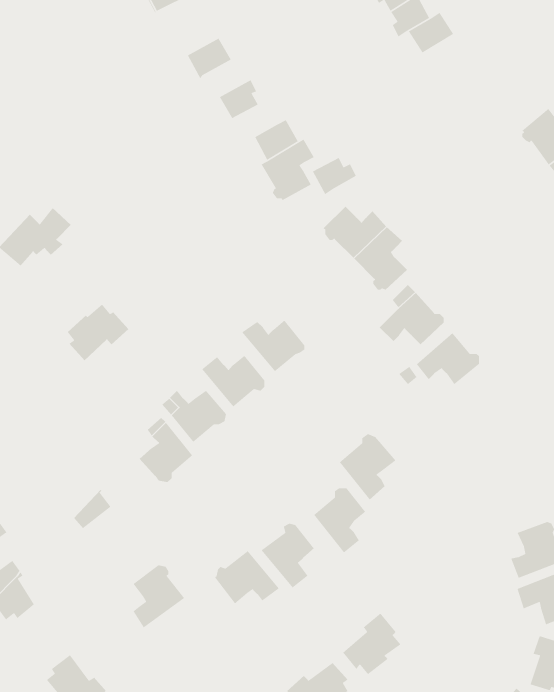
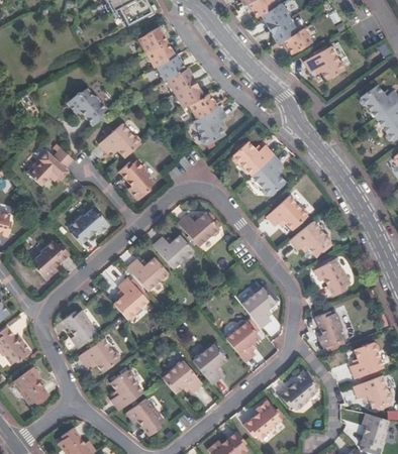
building: none -> [136,23,166,49]
building: none -> [297,44,339,81]
building: none -> [156,51,184,78]
building: none -> [66,86,106,122]
building: [312,157,357,195] -> [174,81,202,105]
building: none -> [98,120,139,154]
building: none -> [118,157,154,197]
building: none -> [32,238,70,277]
building: none -> [315,263,352,302]
building: none -> [63,311,91,341]
building: none -> [315,312,345,348]
building: none -> [80,338,120,375]
building: none -> [280,370,316,410]
building: none -> [126,399,164,436]

